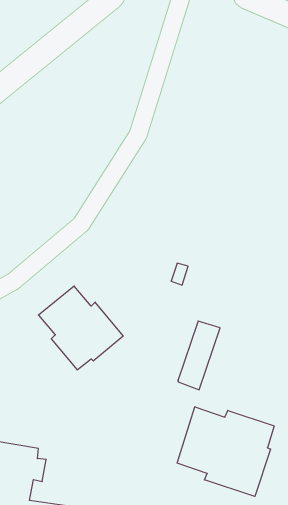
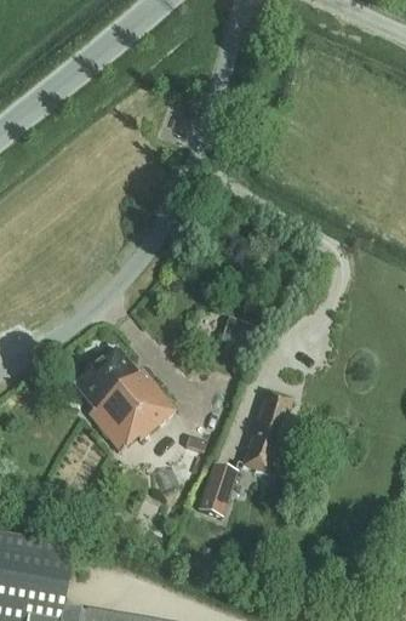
building: none -> [196,462,236,518]
building: [177,407,274,496] -> none

